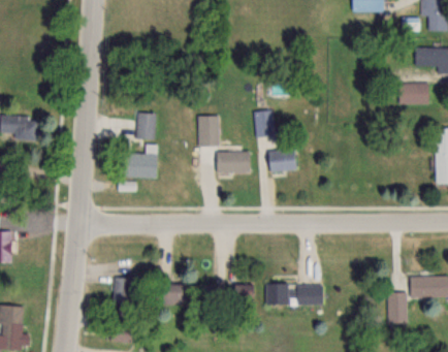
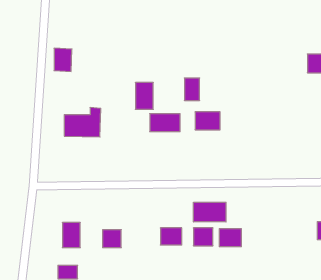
building: [137,113,158,139] -> [54,48,72,71]
building: none -> [194,202,226,222]
building: [389,293,407,323] -> none

